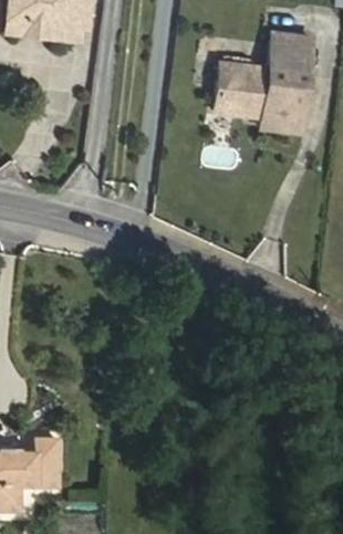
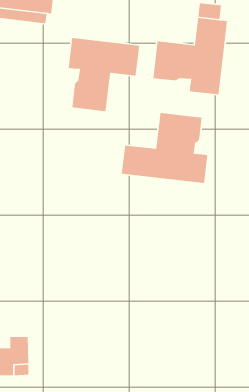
building: none -> [68,37,140,112]
building: none -> [121,112,208,184]

